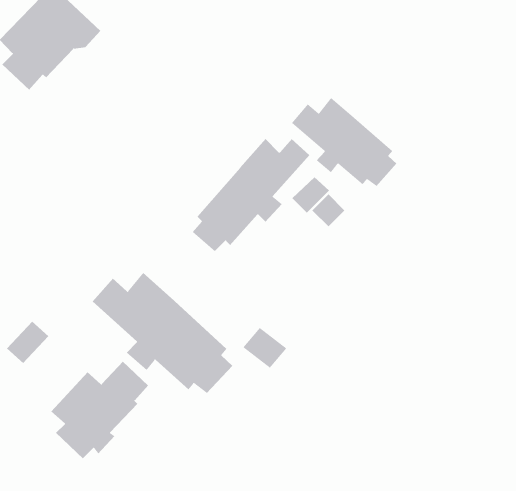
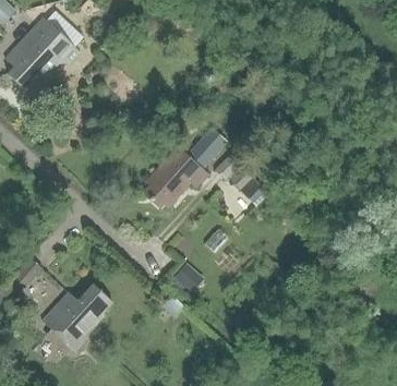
building: [291,97,397,187] -> none
building: [92,272,233,394] -> none

